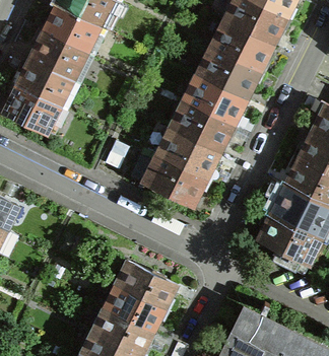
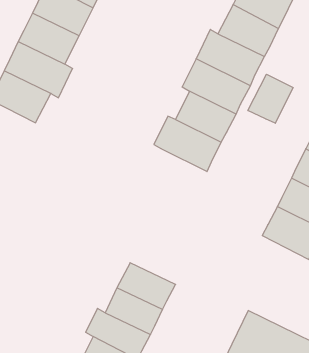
building: none -> [248,74,293,123]
building: [149,158,206,207] -> none

